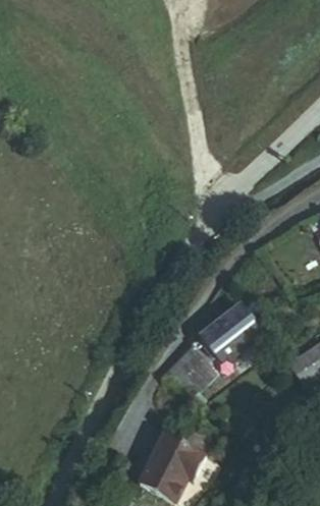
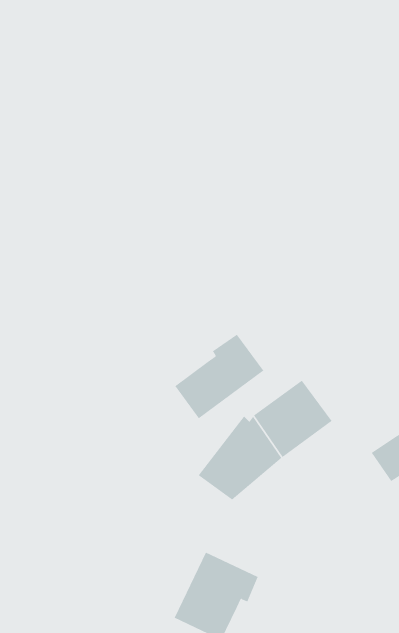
building: none -> [175,334,264,419]

